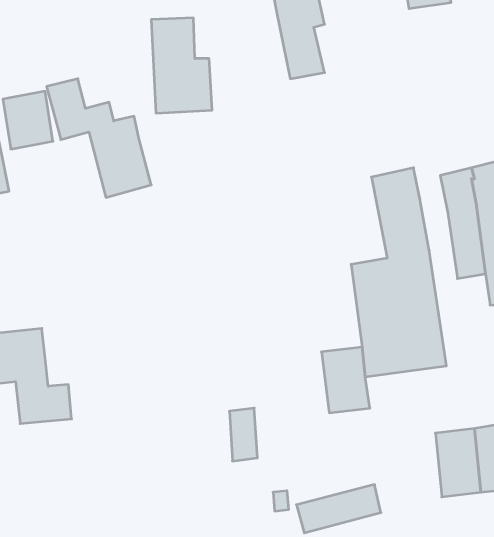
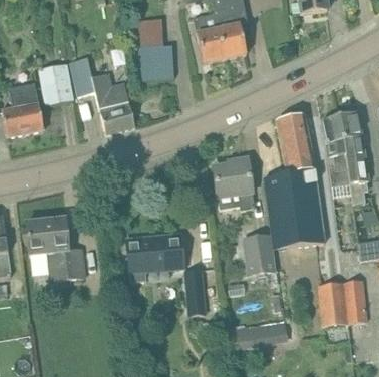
building: none -> [194,14,225,63]
building: none -> [214,158,255,211]
building: none -> [126,235,184,282]

